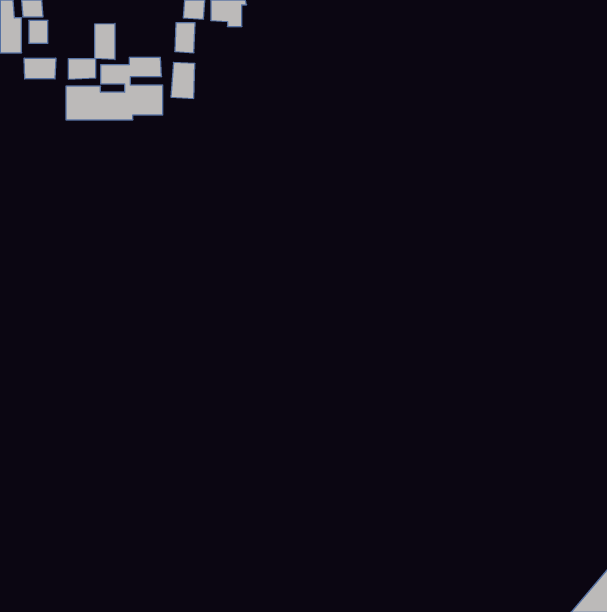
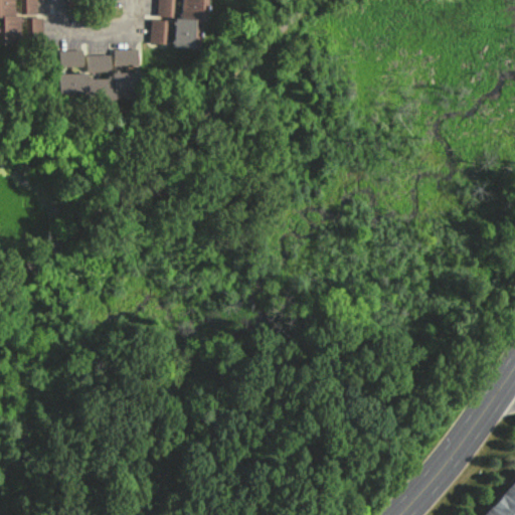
building: [95,23,115,60] -> none
building: [24,58,56,79] -> none
building: [171,62,195,98] -> [174,18,194,48]

